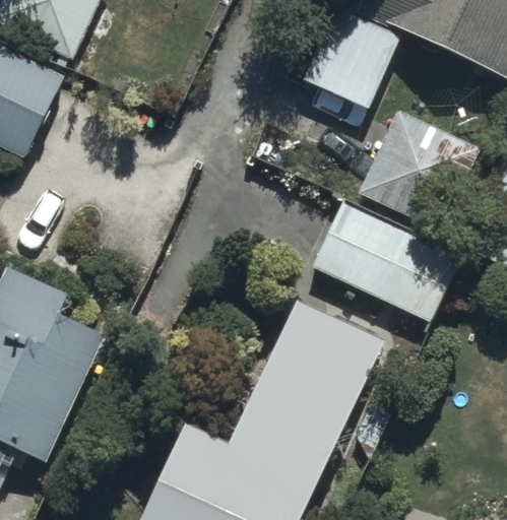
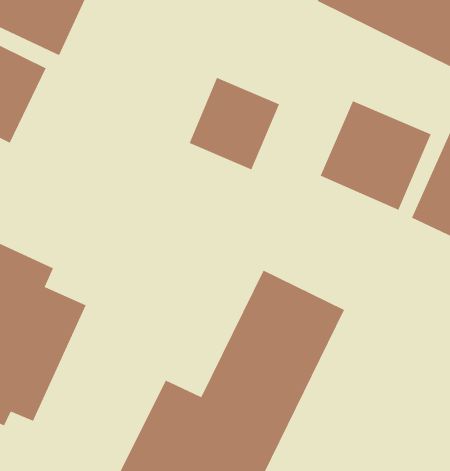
building: [300,7,399,109] -> [189,77,280,170]
building: [308,199,457,319] -> none

